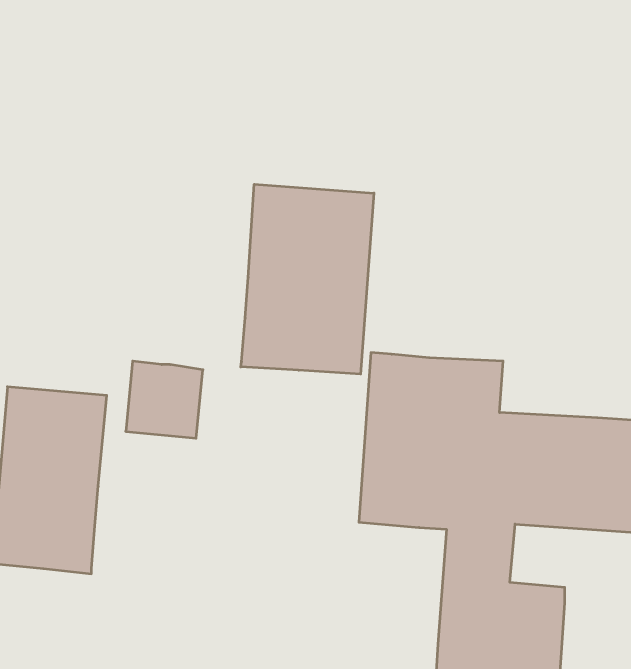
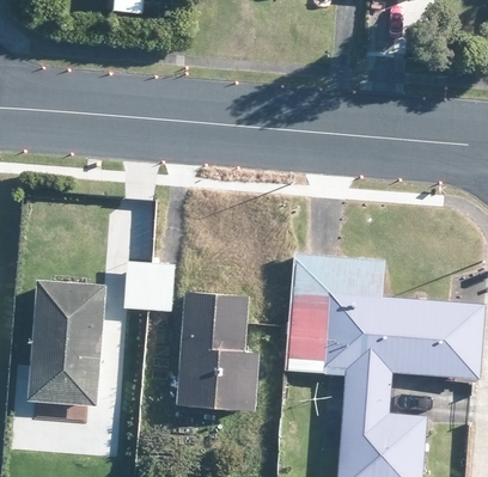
building: [241,184,374,374] -> none
building: none -> [176,288,257,405]

